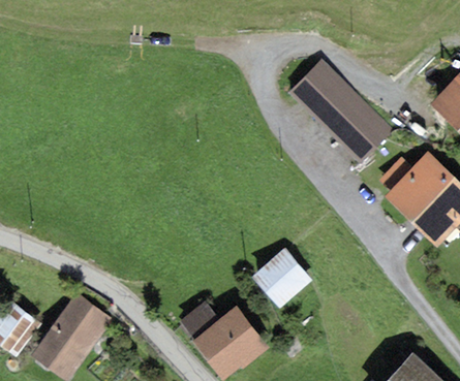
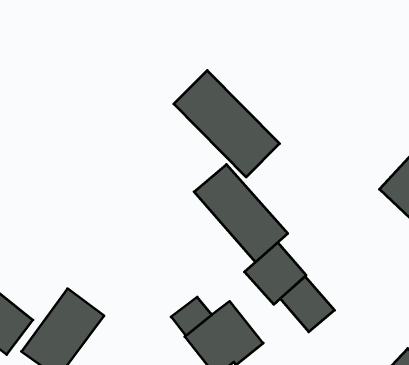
building: [289,58,394,163] -> [174,70,280,177]
building: none -> [194,164,288,262]
building: none -> [280,277,335,332]

